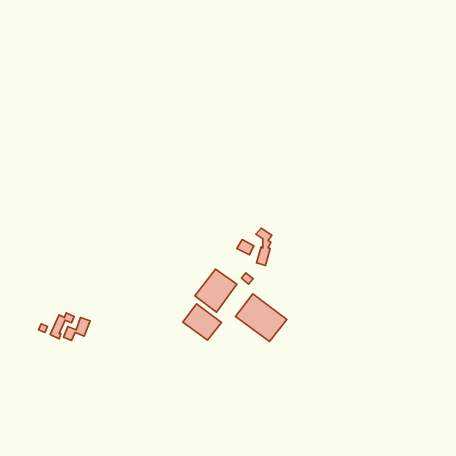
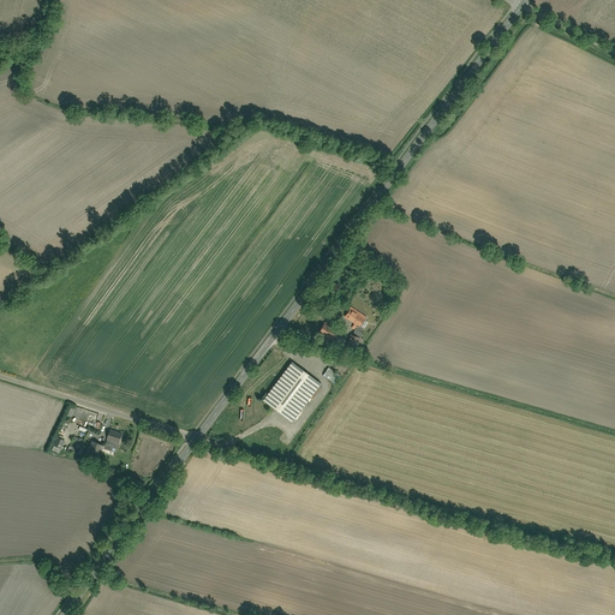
building: [236,294,287,341] -> none
building: [183,304,221,340] -> none

